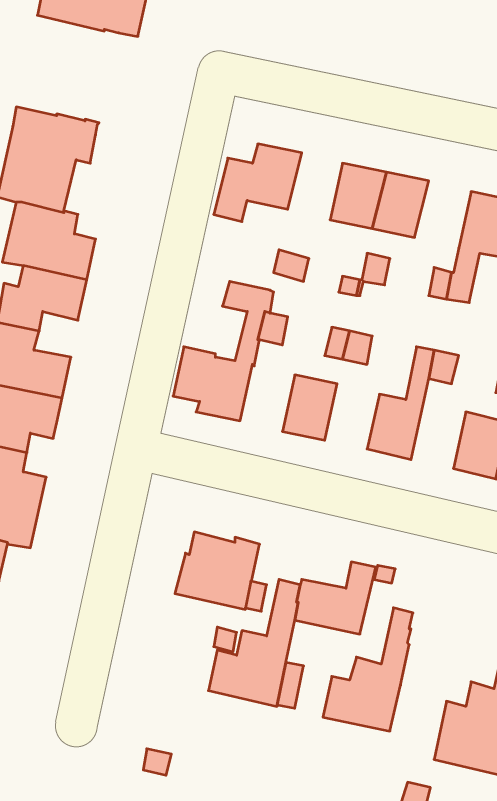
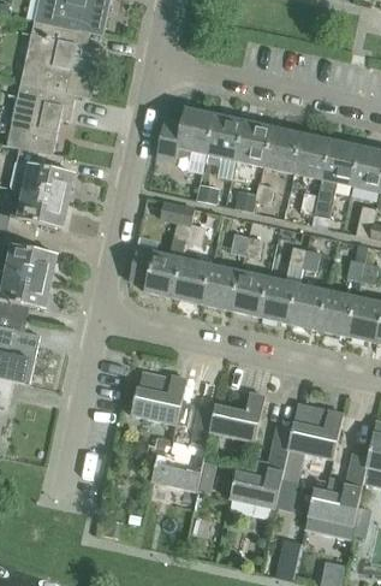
building: none -> [20,19,102,97]
building: none -> [206,113,243,159]
building: none -> [292,132,331,178]
building: none -> [173,258,210,303]
building: none -> [231,271,268,315]
building: none -> [290,284,327,328]
building: none -> [282,403,343,480]

